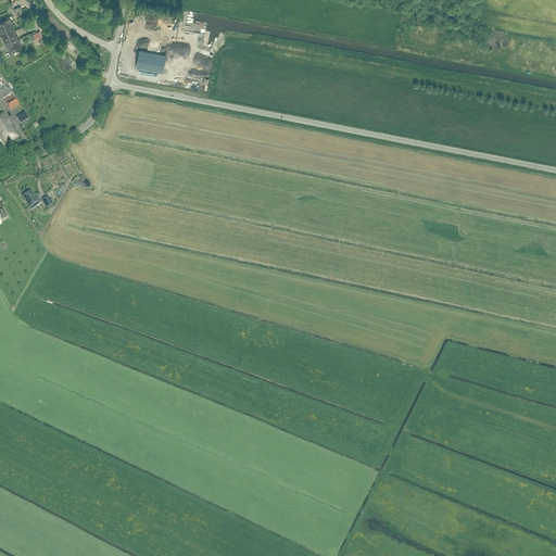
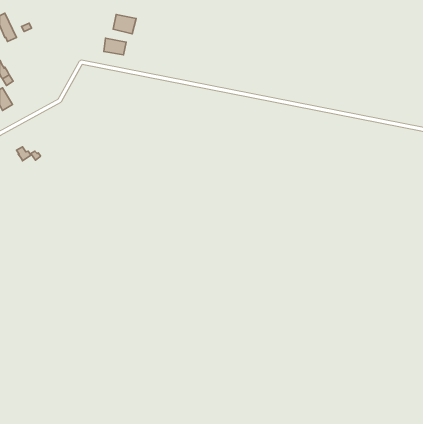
building: none -> [113,14,136,34]

